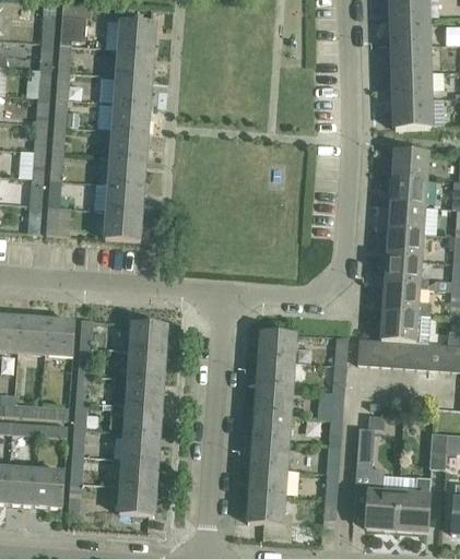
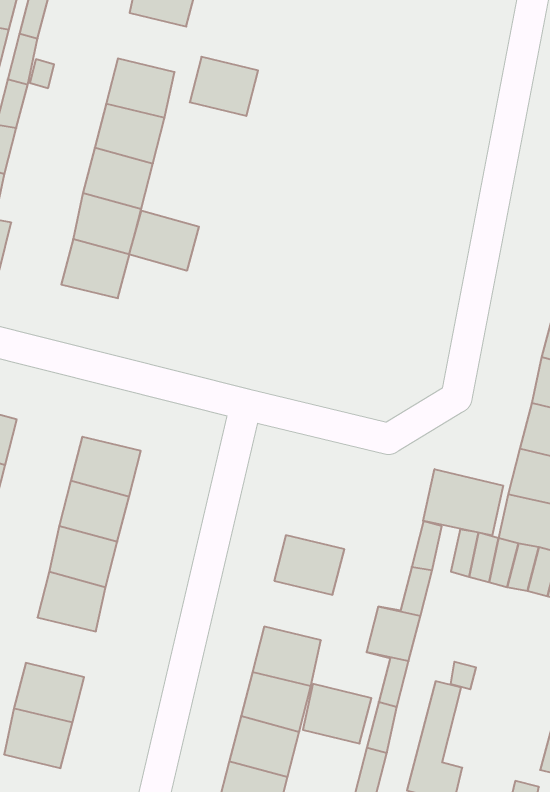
building: [115,74,151,104] -> [190,57,258,116]
building: none -> [129,210,199,271]
building: none -> [423,469,503,535]
building: [259,331,296,360] -> none
building: [256,385,292,415] -> [303,684,371,744]
building: [122,430,160,460] -> none

